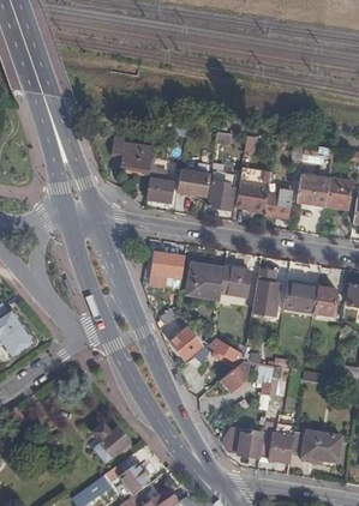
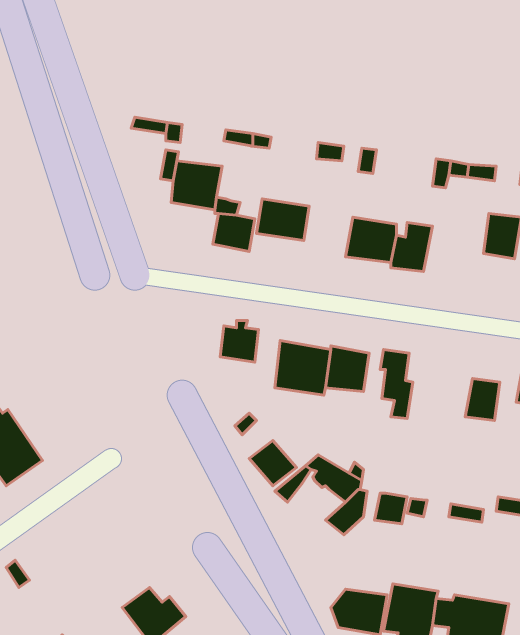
building: [209,171,235,207] -> none
building: [295,173,329,204] -> none
building: [283,282,318,312] -> none

